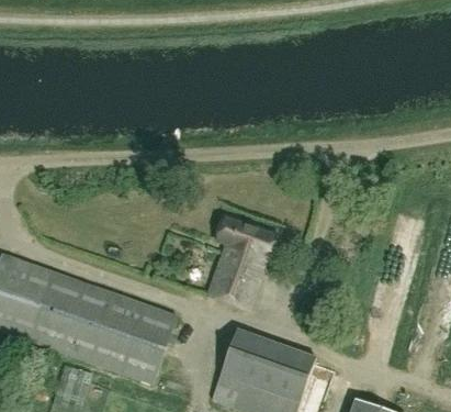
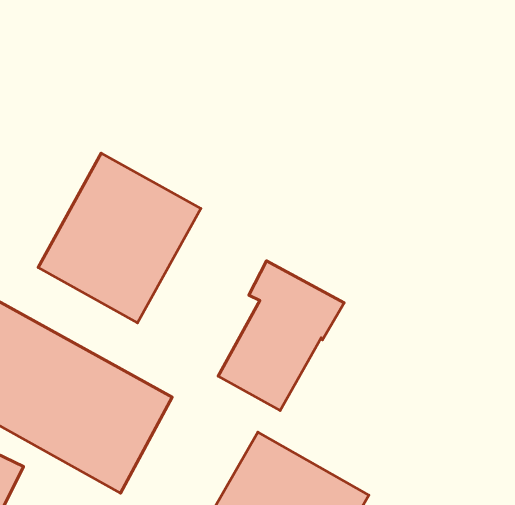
building: none -> [38,153,201,323]

